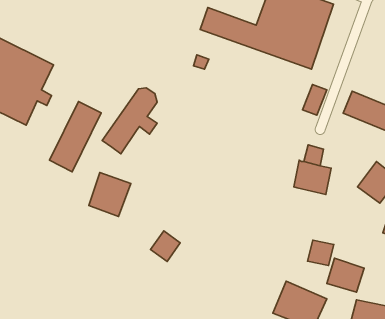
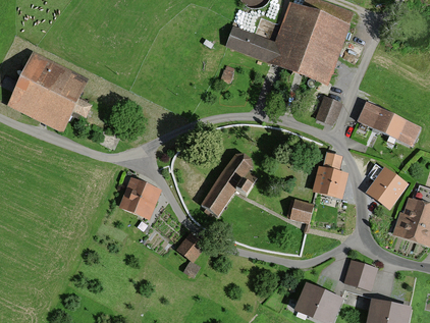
building: [102,88,157,154] -> [200,154,251,215]
building: [50,101,101,172] -> none
building: [307,240,334,266] -> [287,200,312,223]

